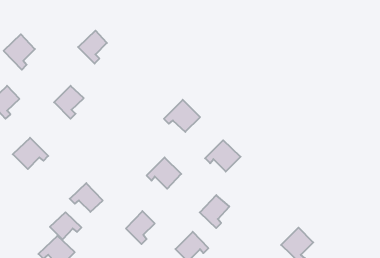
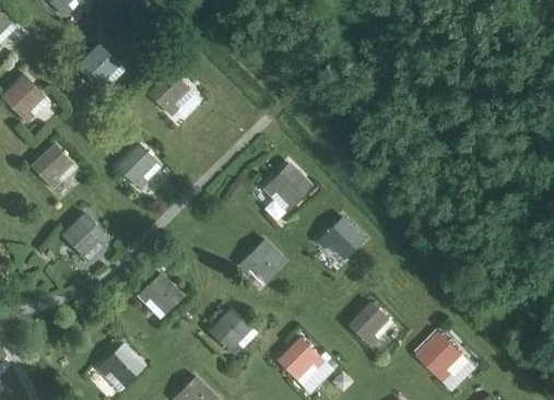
building: [4,34,35,70] -> [76,45,118,92]
building: [200,195,229,228] -> [347,303,387,346]
building: [50,212,81,239] -> none

